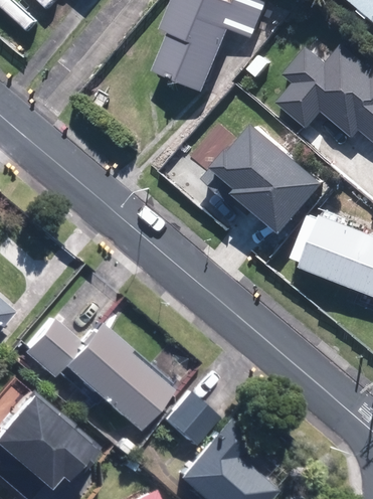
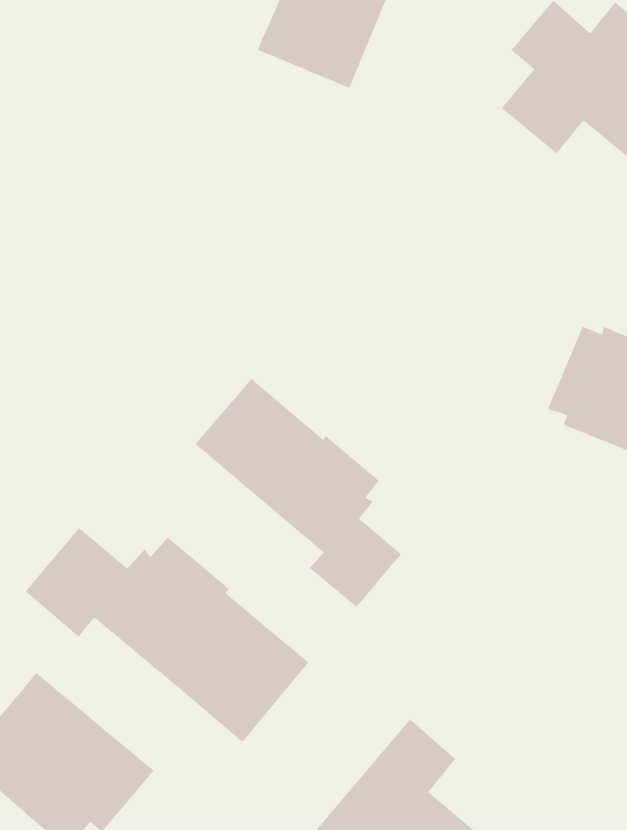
building: [213,125,321,233] -> none
building: none -> [195,378,402,608]
building: [165,390,221,448] -> none

